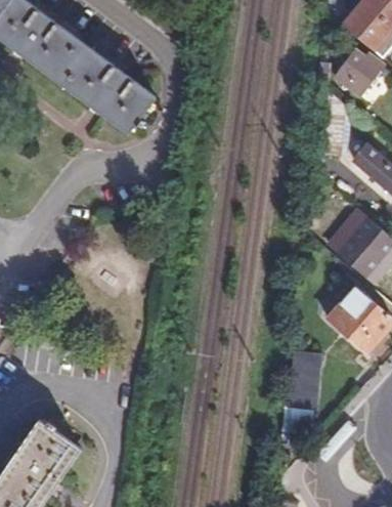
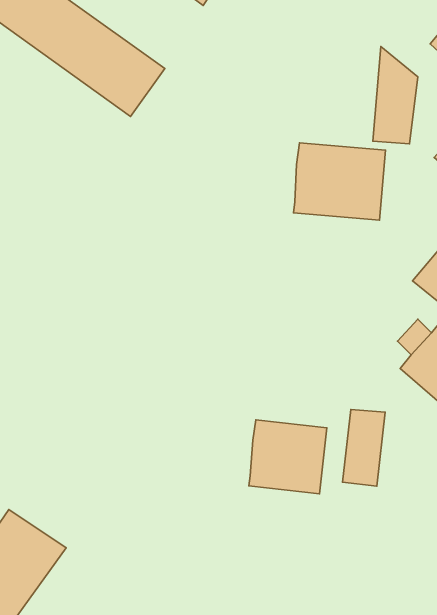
building: none -> [293,143,386,220]
building: none -> [249,420,327,494]

